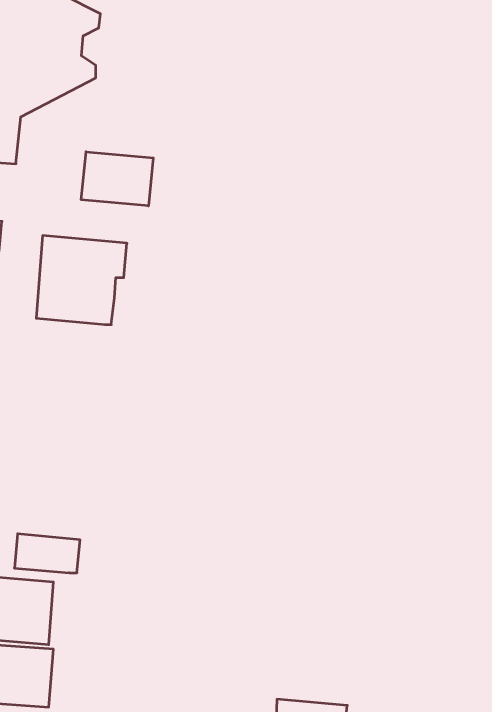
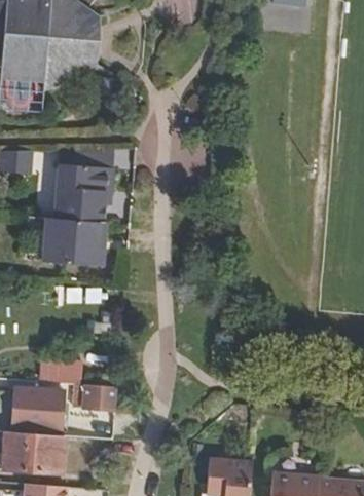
building: [81,152,153,206] -> none
building: none -> [43,217,103,265]
building: none -> [74,384,116,409]

